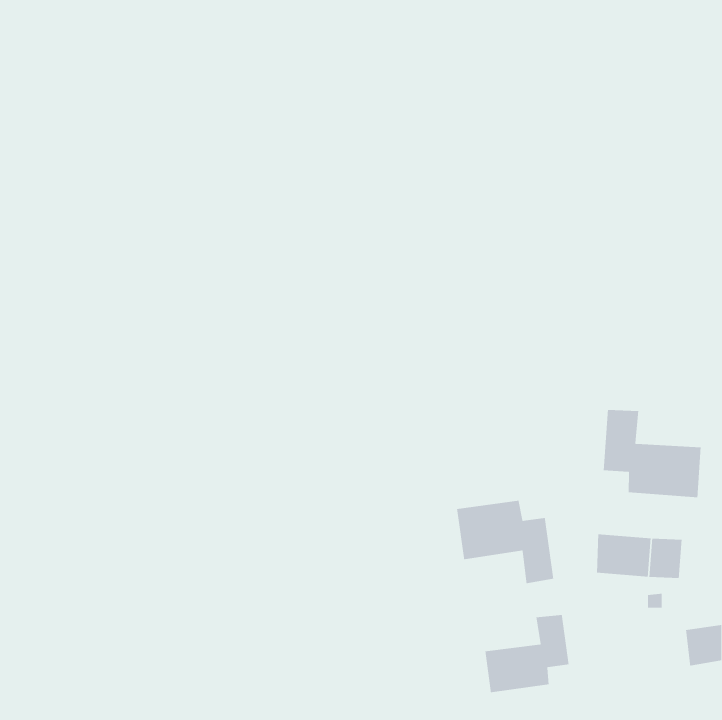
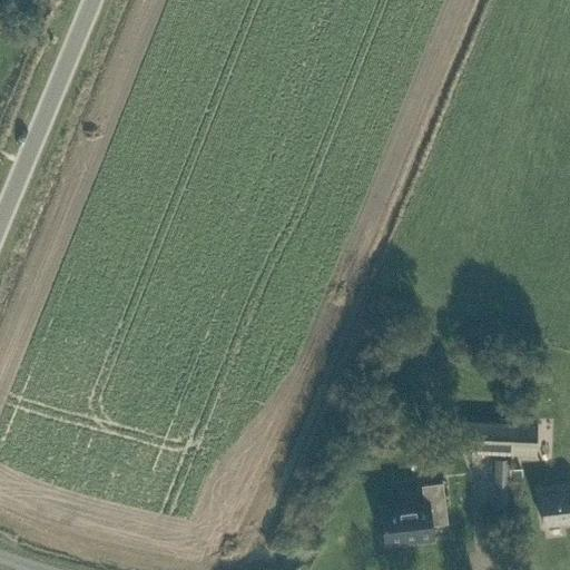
building: [603,409,702,498] -> none
building: [456,500,554,584] -> none

